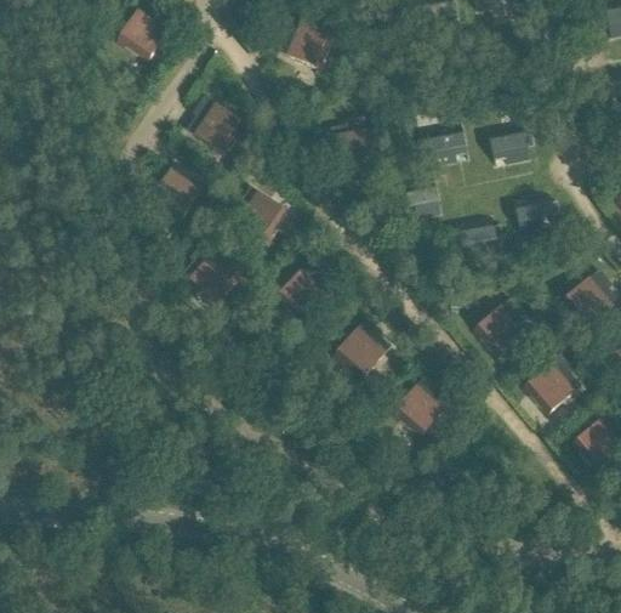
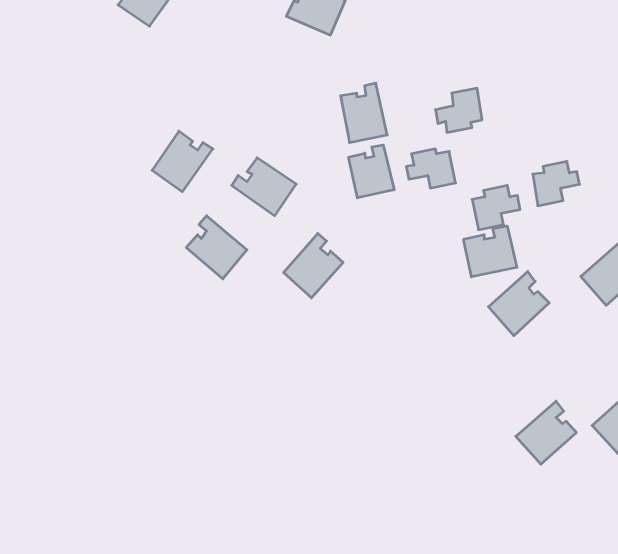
building: [188,95,247,154] -> none
building: [489,123,535,160] -> none
building: none -> [349,145,394,198]
building: none -> [464,226,517,277]
building: [334,317,392,379] -> none
building: [523,352,581,413] -> [516,401,576,464]
building: [393,374,450,436] -> none

